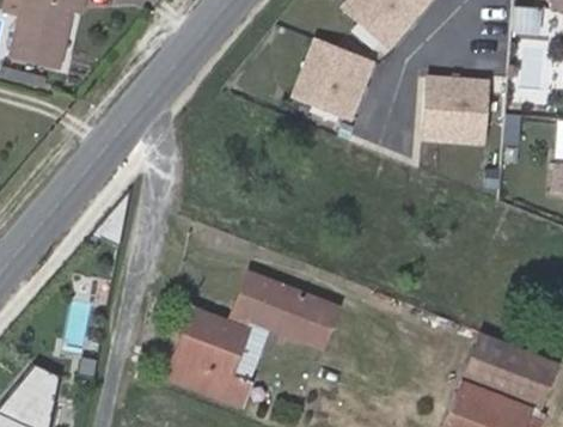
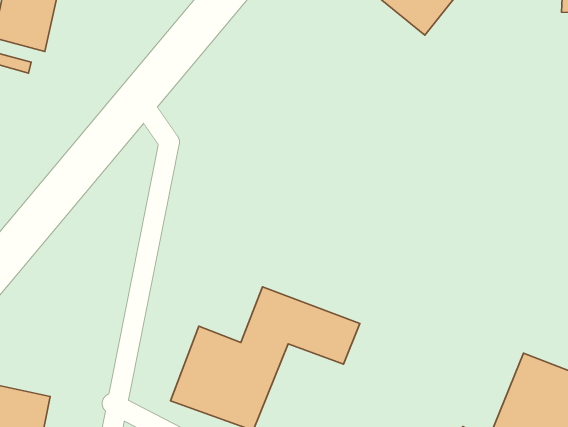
building: [289,36,377,122] -> none
building: [415,73,492,145] -> none

